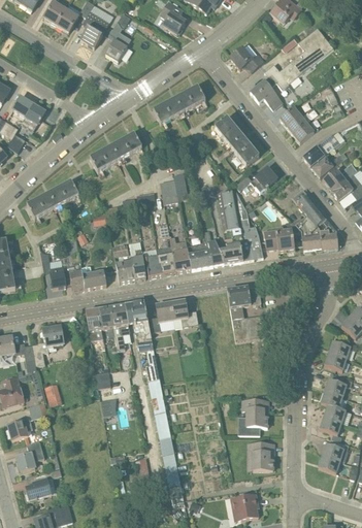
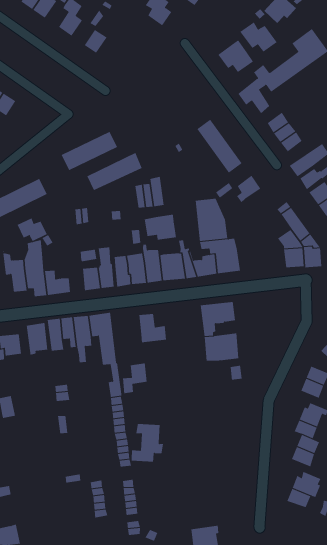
building: none -> [240,21,278,52]
building: [154,86,205,124] -> [87,152,143,191]
building: none -> [144,214,176,240]
building: none -> [17,217,48,242]
building: [264,222,294,251] -> none
building: [150,302,173,332] -> [122,363,148,394]
building: none -> [26,322,48,355]
building: [238,400,268,435] -> [131,423,164,462]
building: [246,443,272,469] -> none

